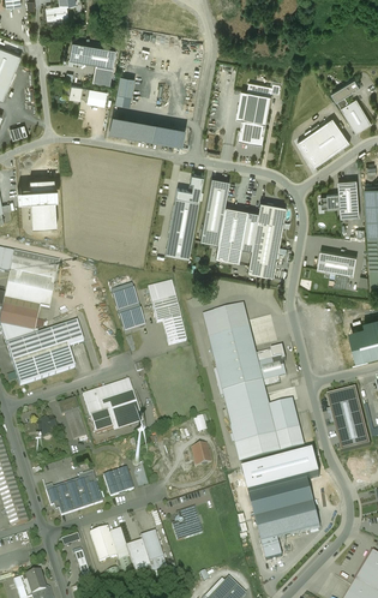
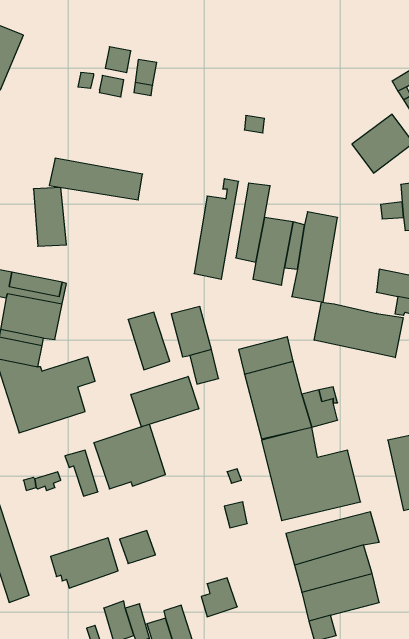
building: [68,41,116,67] -> none
building: [239,84,276,145] -> none
building: [109,113,187,148] -> [49,158,143,200]
building: none -> [314,302,403,358]
building: none -> [131,376,199,427]

